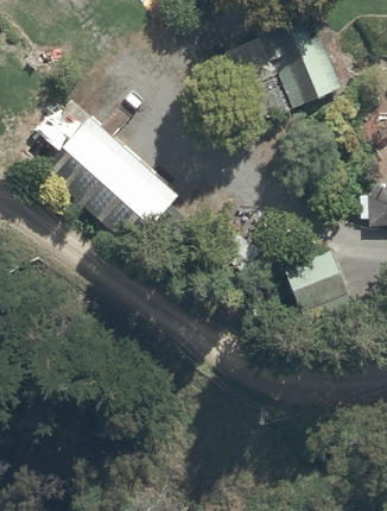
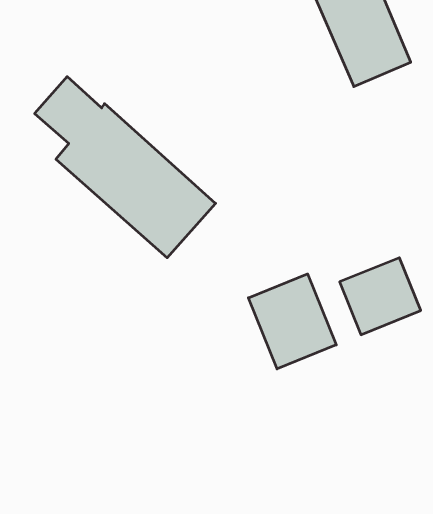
building: none -> [248,274,336,369]

